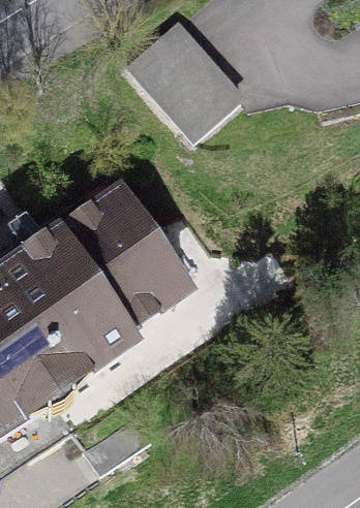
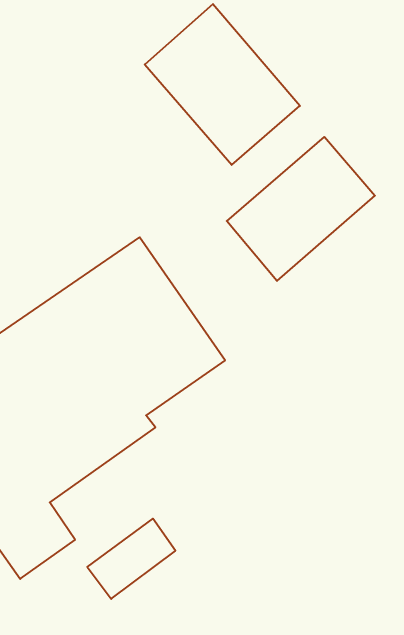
building: none -> [227,137,375,281]

